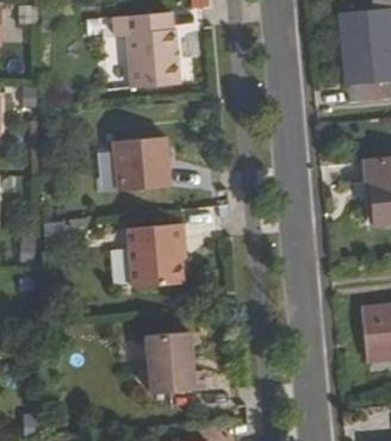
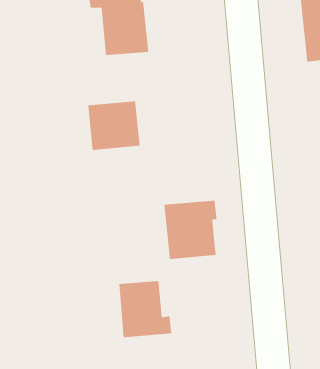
building: [126,223,185,287] -> [164,200,218,260]

